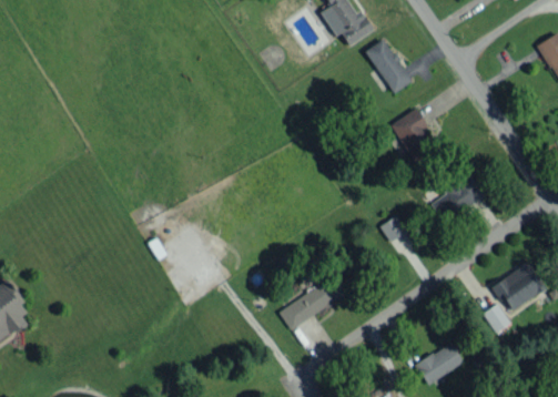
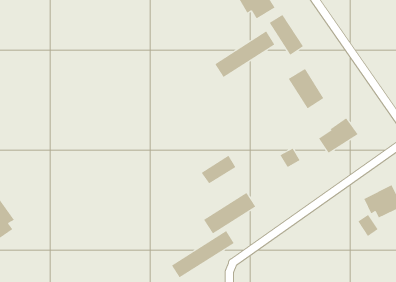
building: none -> [215,31,275,78]
building: none -> [201,155,236,184]
building: none -> [171,230,234,278]
building: [416,343,465,386] -> none

